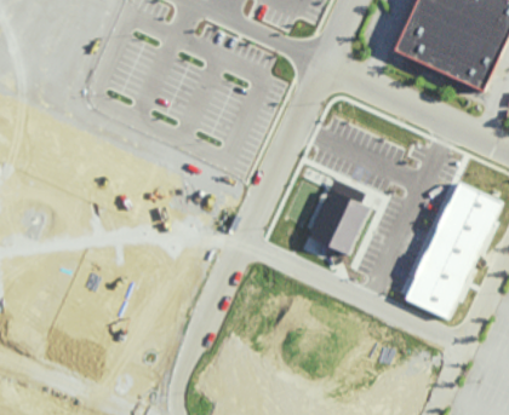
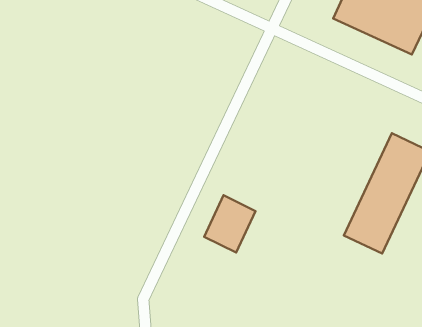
building: [310,189,368,254] -> [204,195,255,253]

